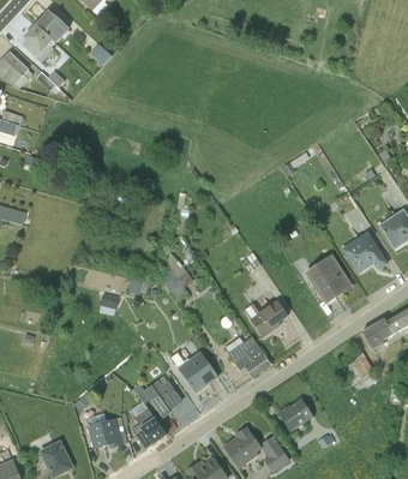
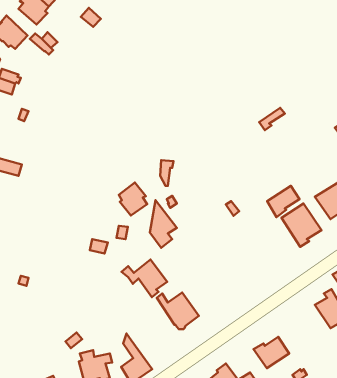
building: none -> [119,183,147,215]
building: none -> [267,186,299,217]
building: [242,300,287,337] -> none
building: [226,336,270,377] -> none
building: [132,376,181,417] -> [122,259,167,297]

